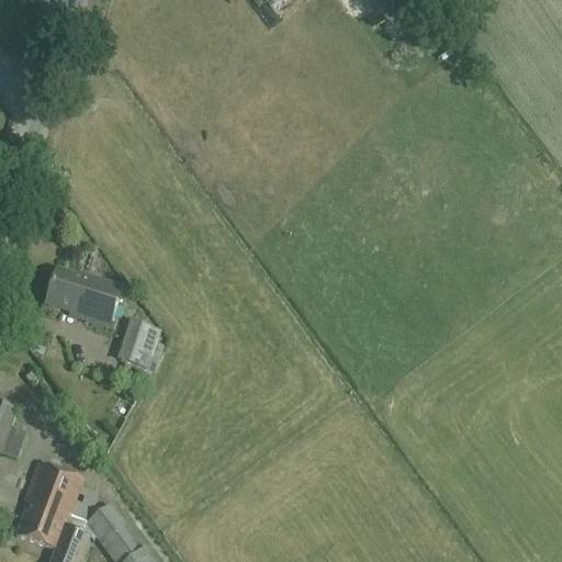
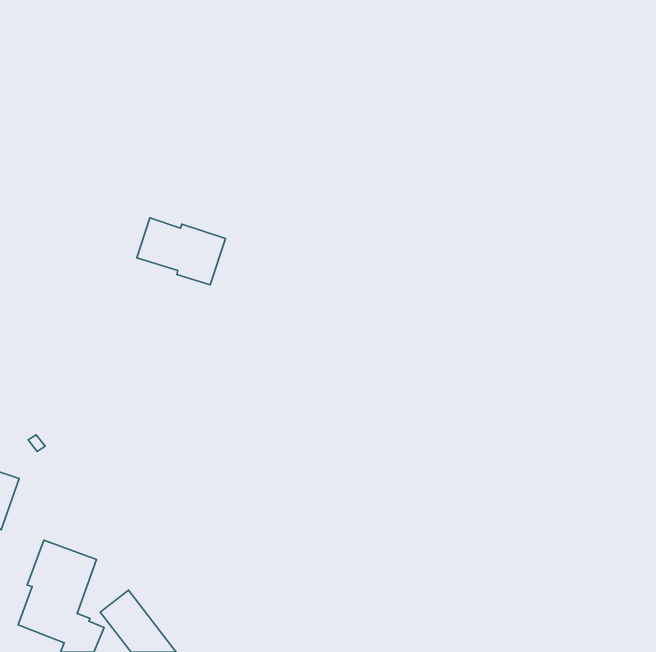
building: [46,268,122,325] -> [137,218,226,285]
building: [117,318,160,368] -> none

